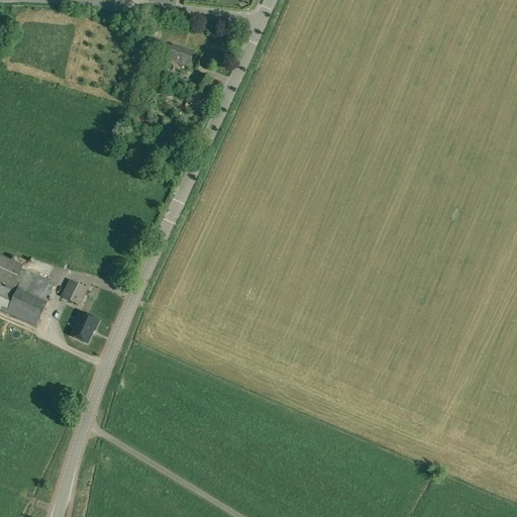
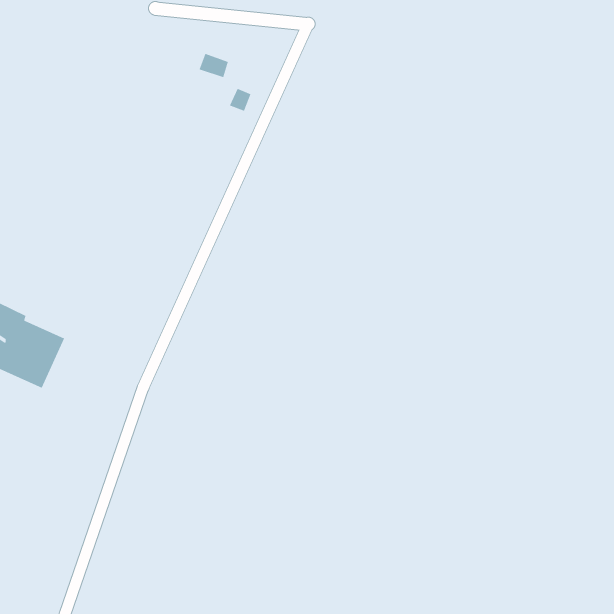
building: [60,279,87,306] -> none
building: [70,312,98,343] -> none

